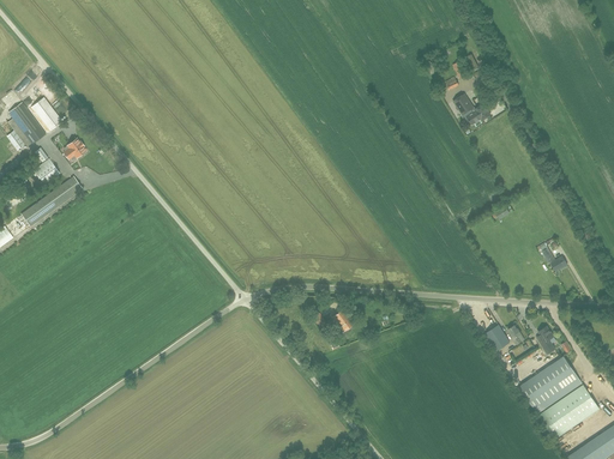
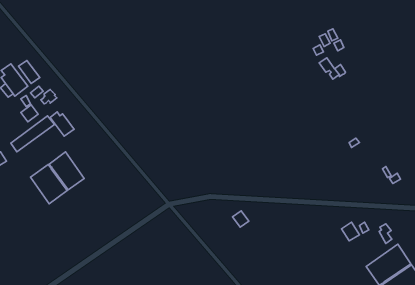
building: none -> [50,112,74,136]
building: none -> [31,152,84,204]

